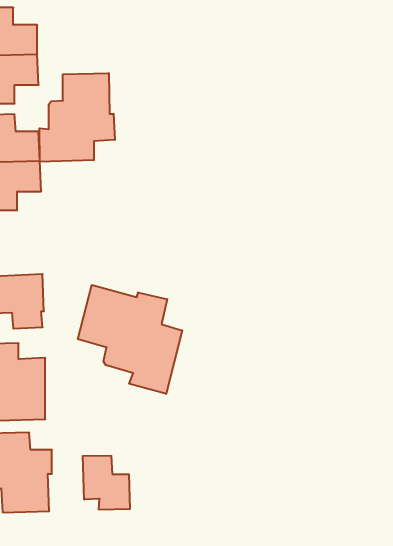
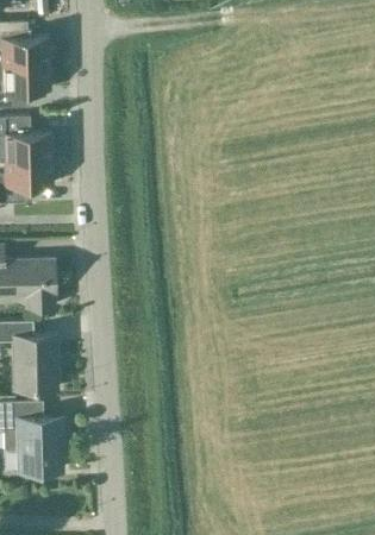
building: [39,73,115,162] -> none
building: [78,285,182,394] -> none
building: [83,456,130,510] -> none

